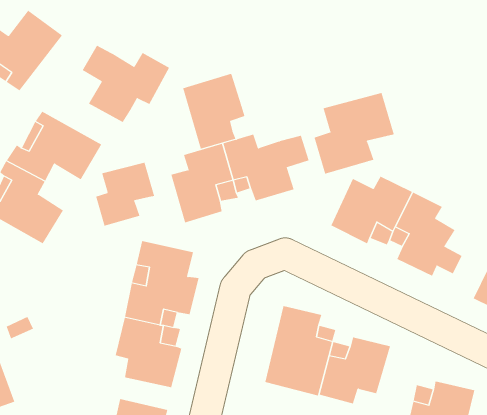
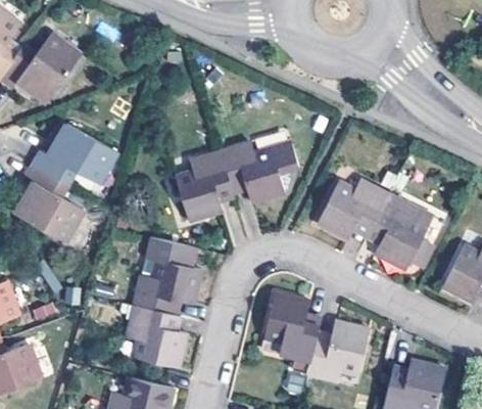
building: [82,45,170,123] -> none
building: [183,73,245,149] -> none
building: [314,92,394,175] -> none
building: [95,162,155,227] -> none

